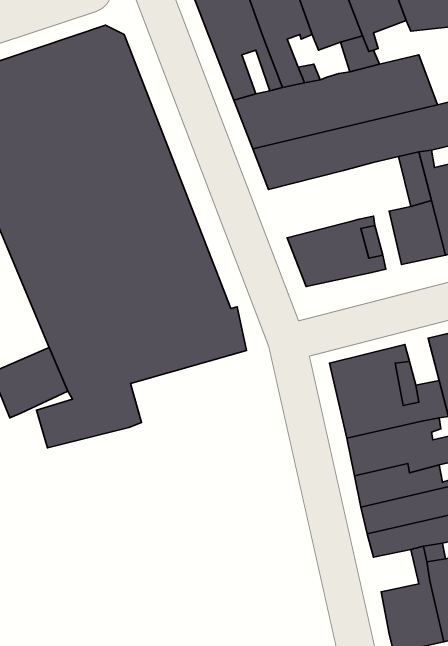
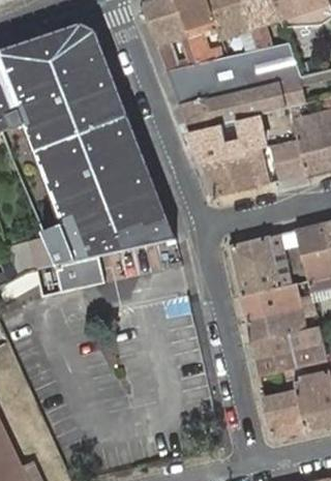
building: none -> [189,114,264,163]

